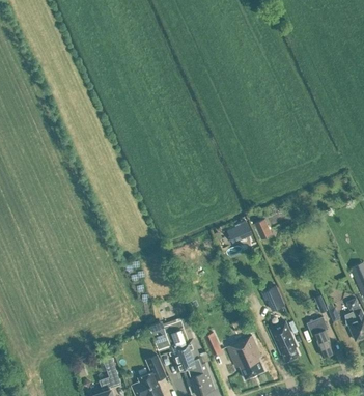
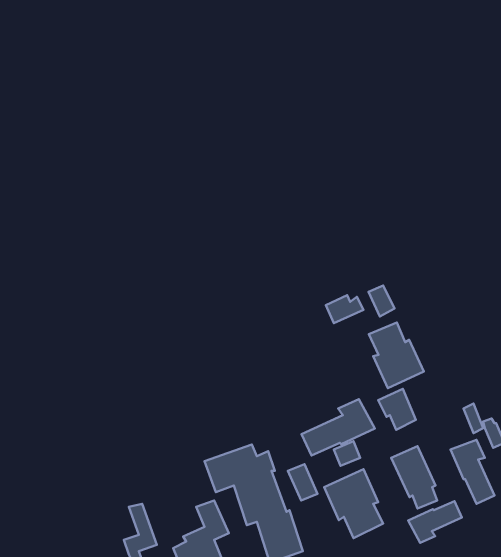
building: none -> [369,322,424,388]
building: none -> [302,399,375,456]
building: none -> [408,501,462,543]

